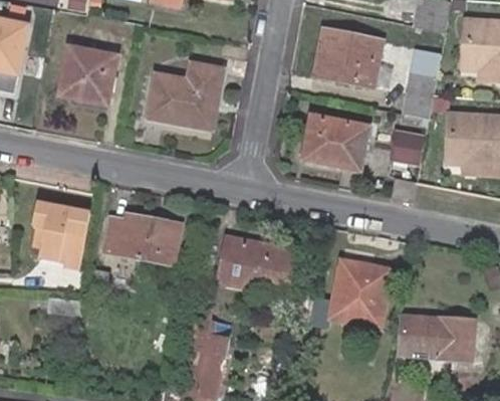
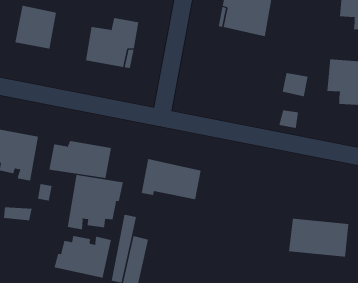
building: [403,47,441,117] -> none
building: [303,116,366,168] -> none
building: none -> [67,174,123,230]
building: [307,259,391,327] -> none
building: none -> [54,235,111,278]

